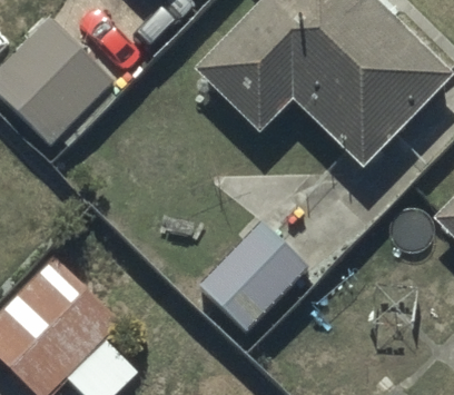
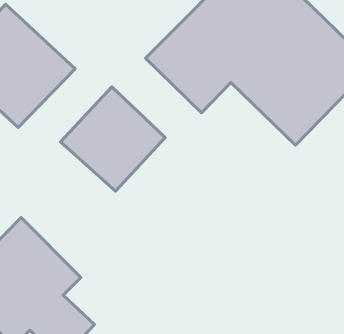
building: none -> [61,87,165,191]
building: [199,216,317,334] -> none

